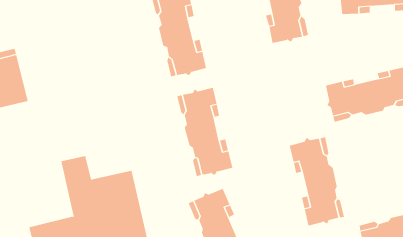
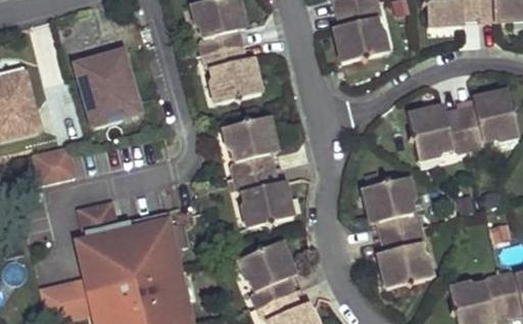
building: none -> [76,49,139,124]
building: none -> [35,144,76,183]

